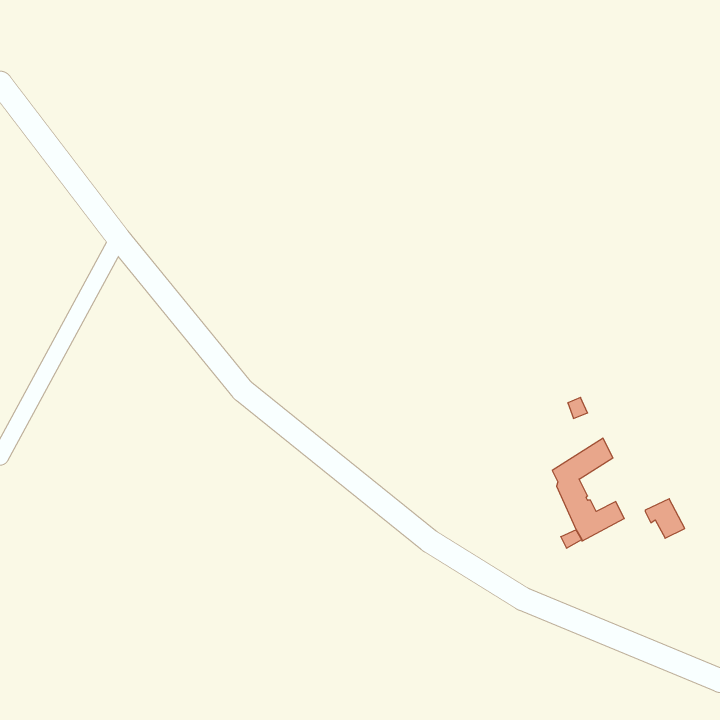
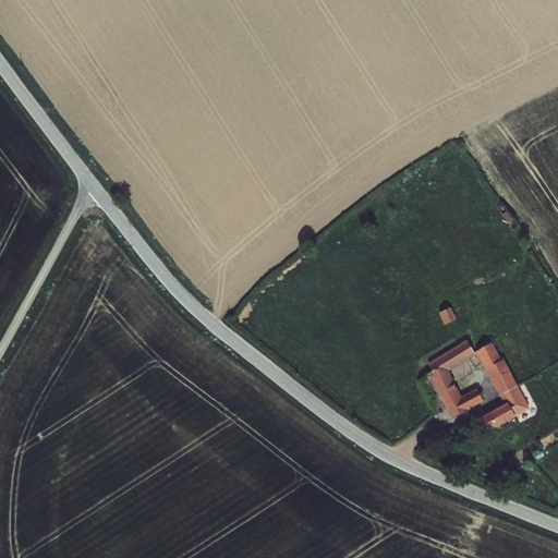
building: none -> [476,342,519,395]
building: none -> [480,402,514,432]

